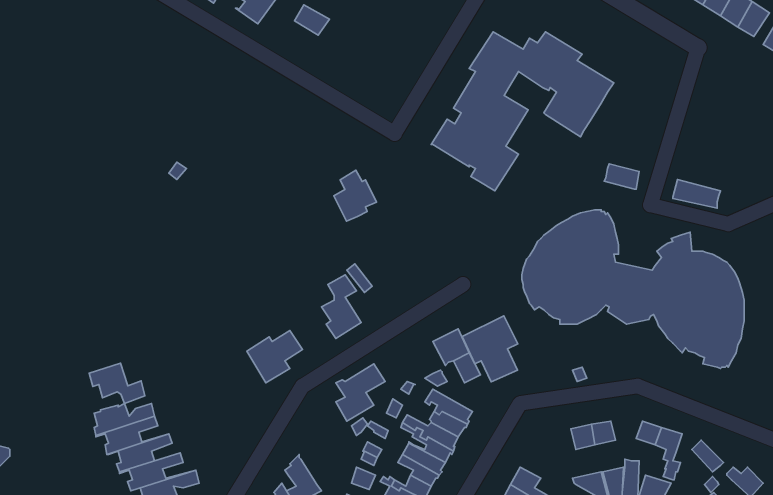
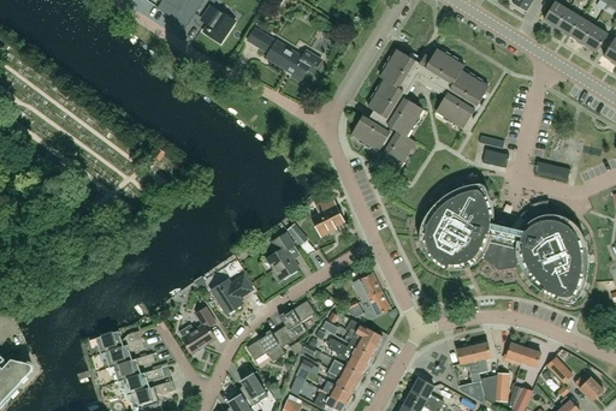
building: none -> [266,40,322,78]
building: [334,170,377,221] -> [312,197,344,236]
building: [462,316,518,382] -> none
building: [89,363,145,404] -> none
building: none -> [179,306,217,352]
building: none -> [247,328,288,361]

